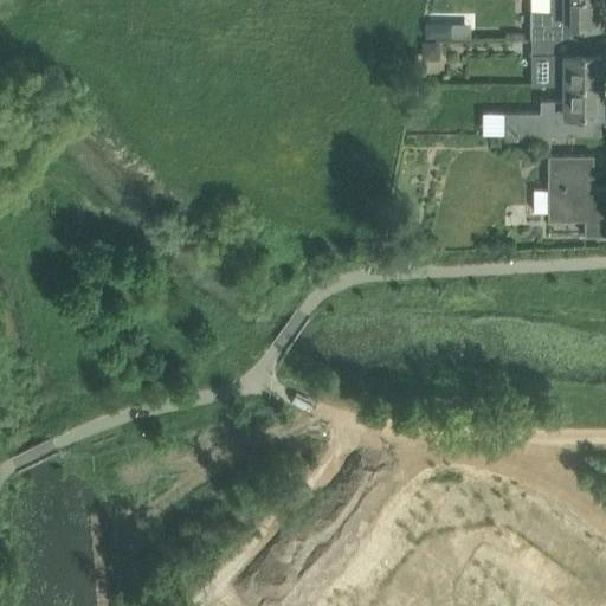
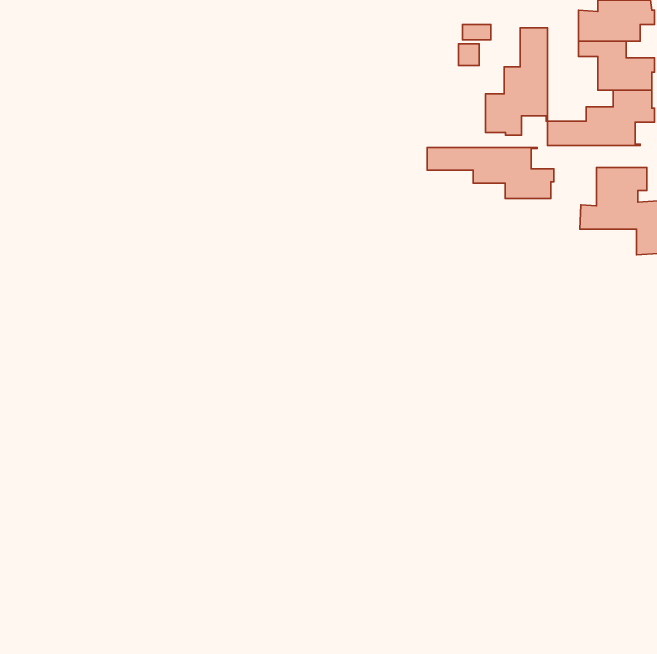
building: none -> [485,28,548,135]
building: none -> [427,147,554,199]

